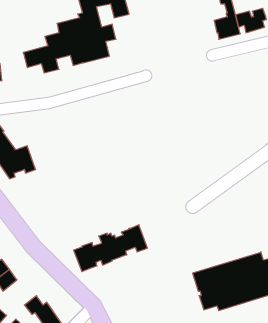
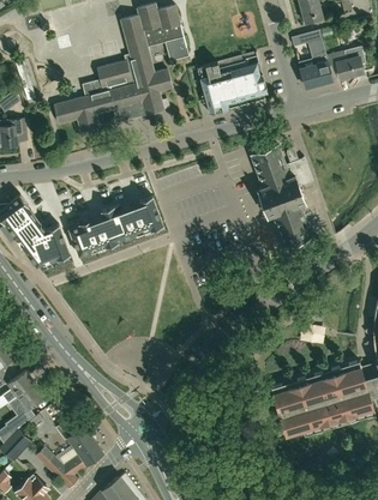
building: none -> [197,52,268,114]
building: none -> [252,146,312,248]
building: [74,225,147,272] -> [68,197,163,257]

